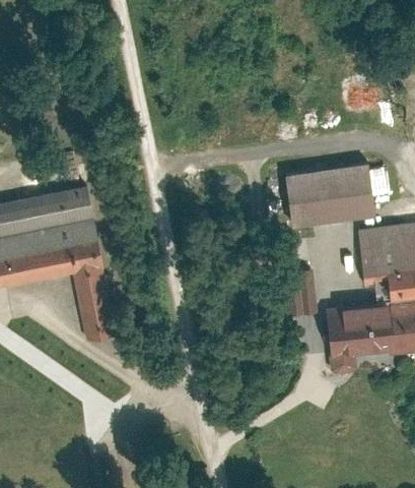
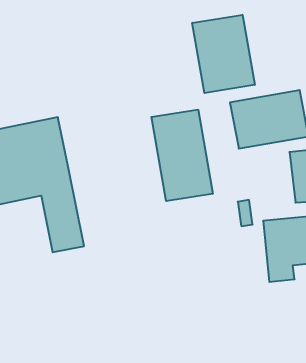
building: none -> [192,15,255,93]
building: none -> [151,110,213,201]

